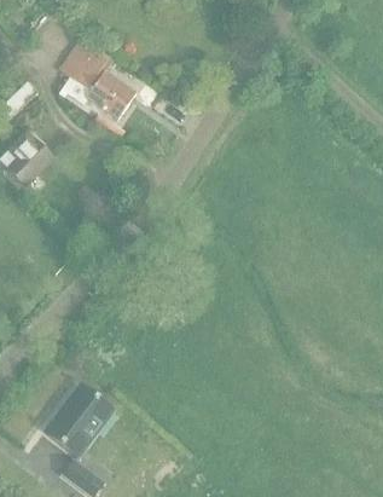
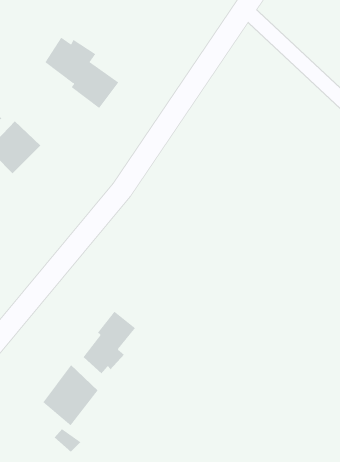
building: none -> [83,311,136,374]

